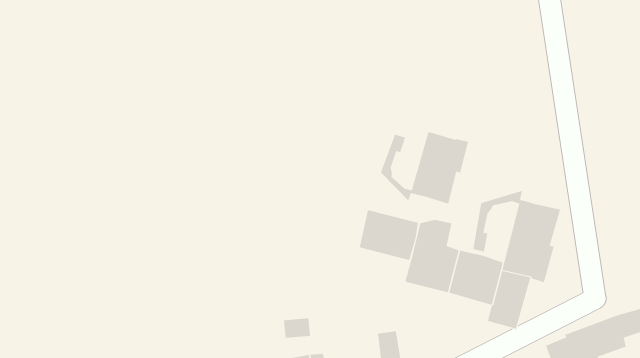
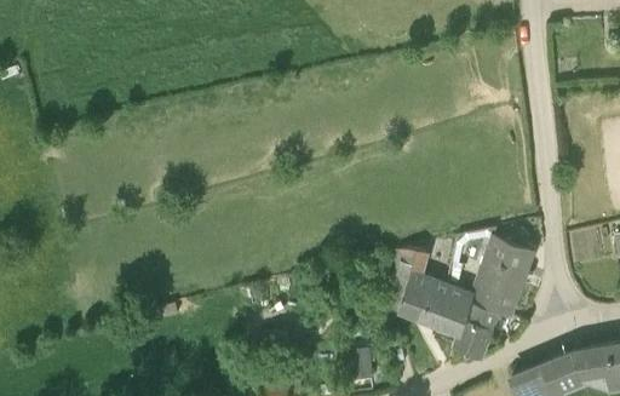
building: [380,131,469,204] -> none
building: [359,209,418,261] -> none

